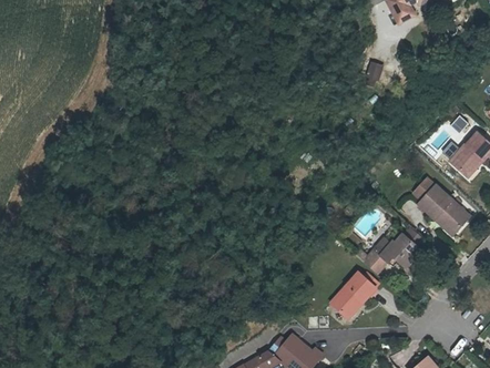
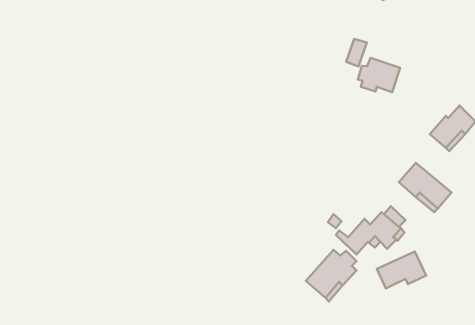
building: none -> [358,58,400,92]
building: none -> [377,252,426,288]

